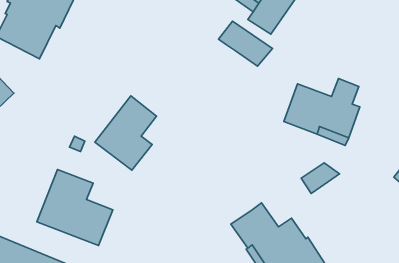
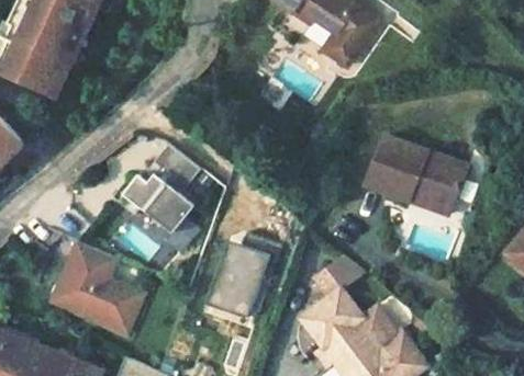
building: [219,21,273,66] -> none
building: [301,163,339,194] -> [313,255,363,295]
building: none -> [209,244,267,320]

